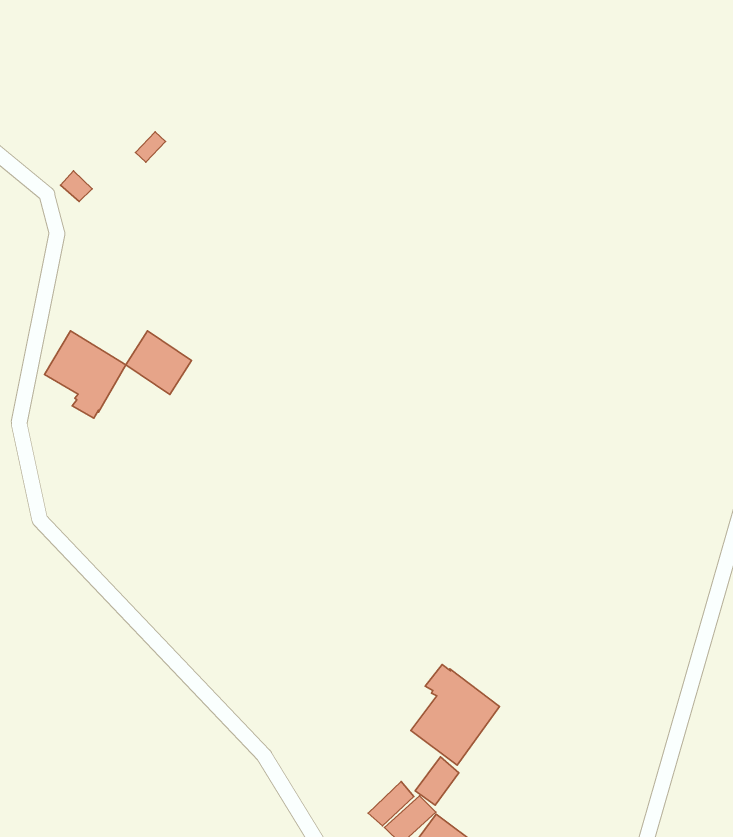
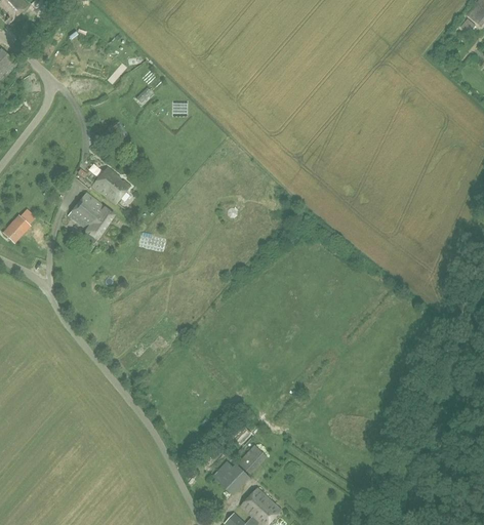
building: [126,331,191,394] -> [91,165,128,202]
building: [411,665,500,765] -> none

